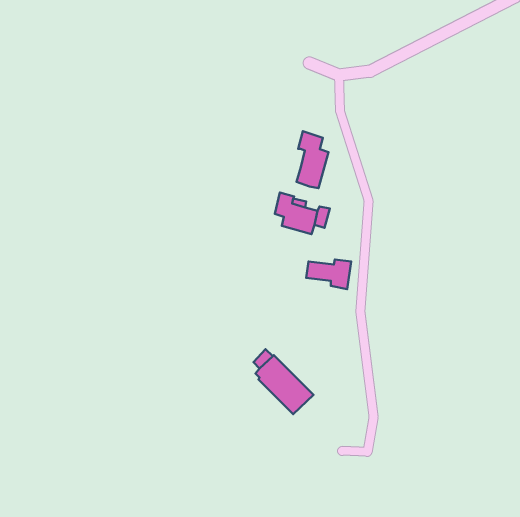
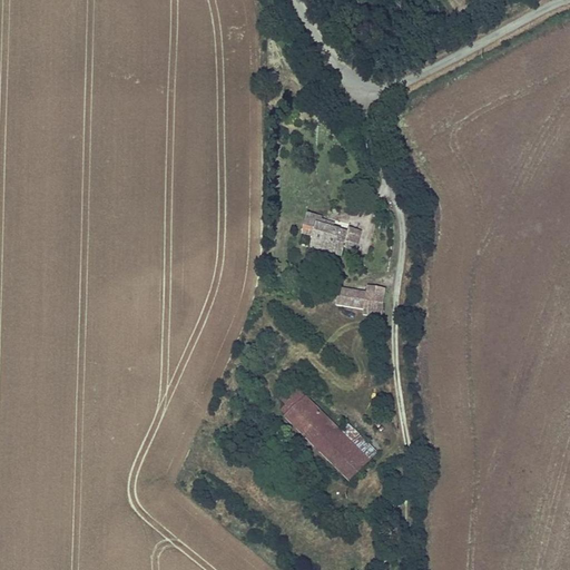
building: [296,131,328,188] -> none
building: none -> [321,432,370,481]

